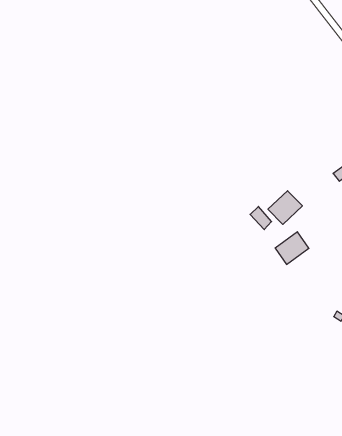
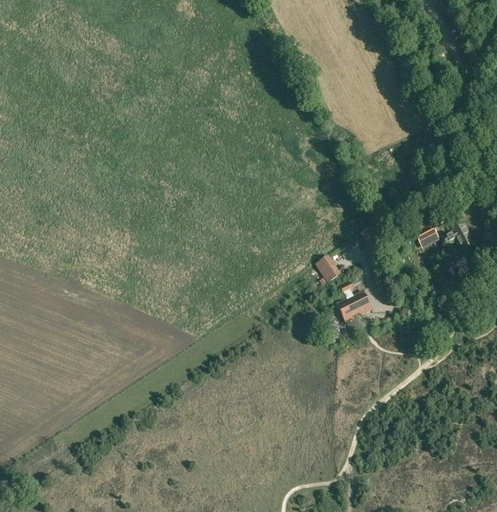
building: [268,191,302,224] -> none

